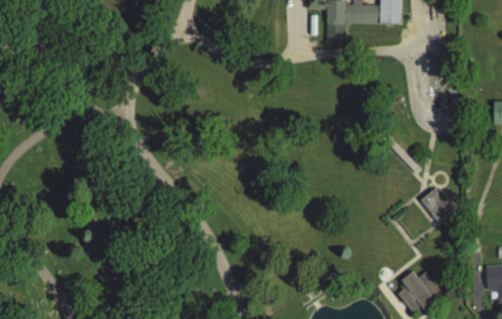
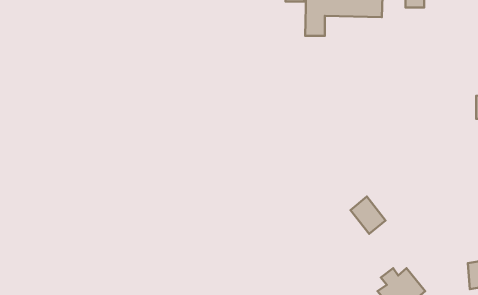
building: [422,187,456,223] -> [350,197,386,234]

